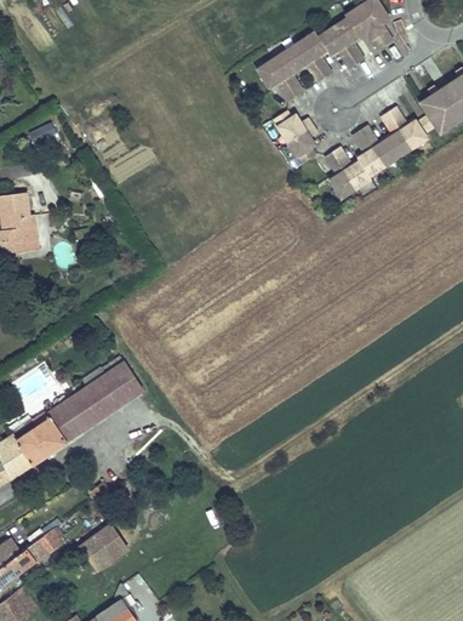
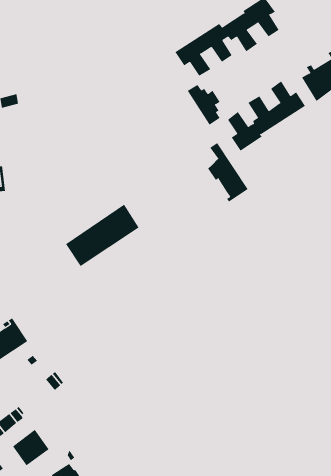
building: none -> [207,142,249,202]
building: [48,361,144,443] -> [65,204,139,267]
building: [79,524,127,571] -> [12,429,50,466]

